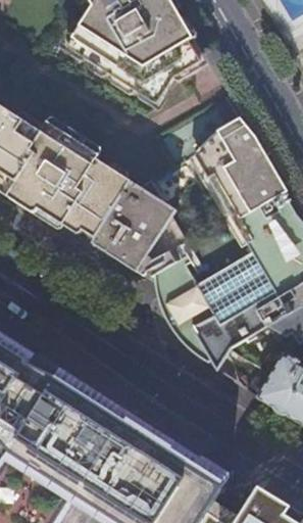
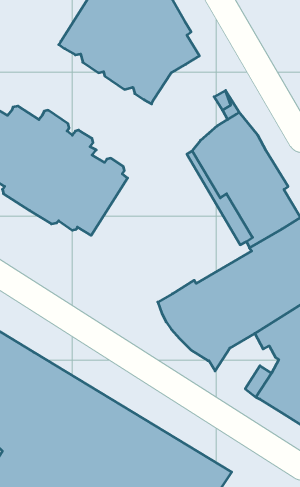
building: [91,180,201,303] -> none

